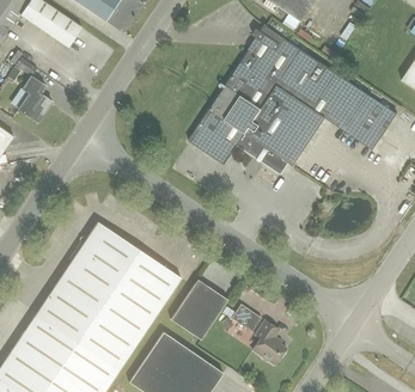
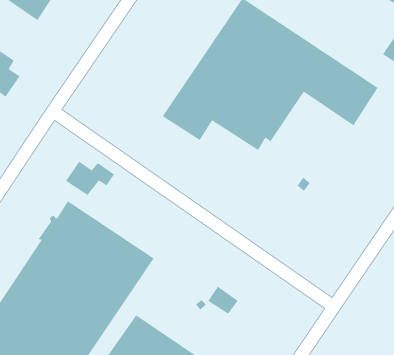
building: none -> [65,161,115,196]
building: [170,278,227,339] -> none
building: [252,319,286,365] -> none

